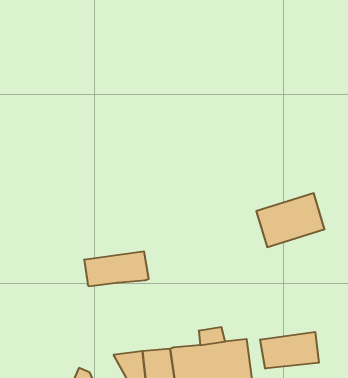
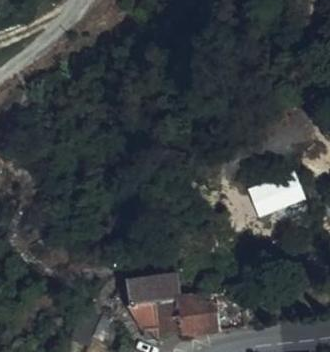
building: [84,251,149,286] -> [124,273,178,302]
building: [260,332,319,369] -> none

